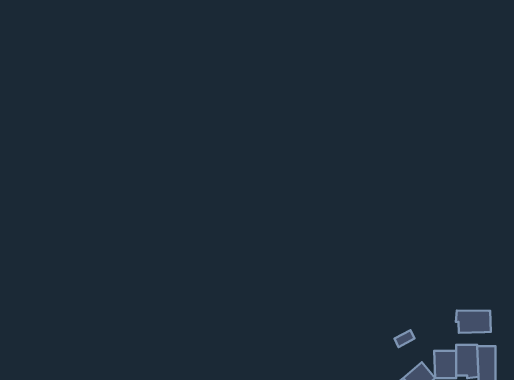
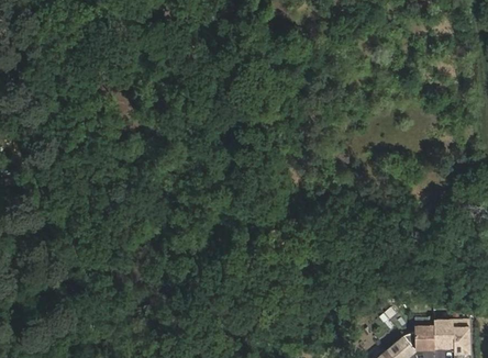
building: [456,311,491,333] -> none

